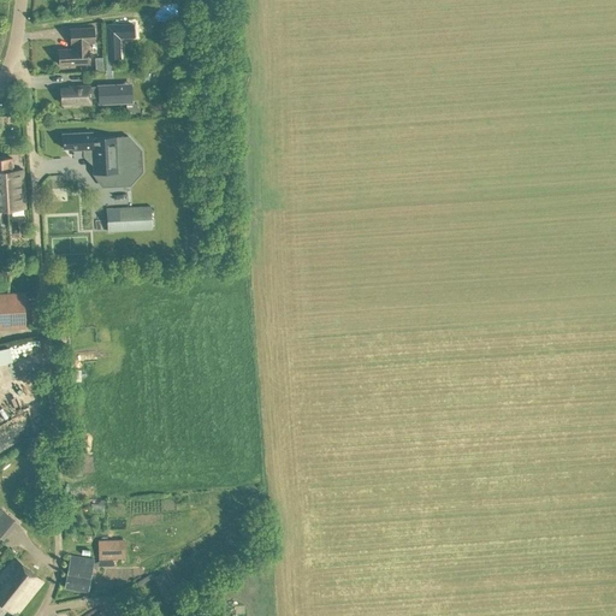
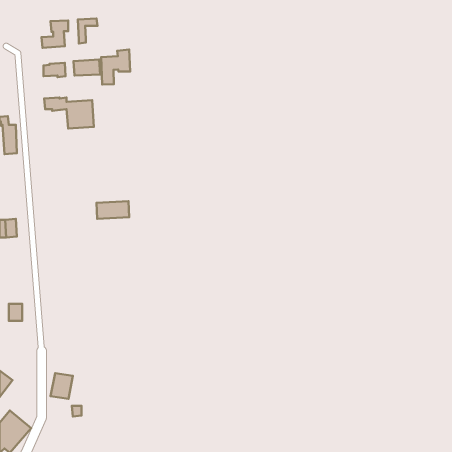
building: none -> [101,50,130,84]
building: [106,208,150,232] -> [96,201,129,219]
building: [63,557,93,592] -> [51,373,73,399]

